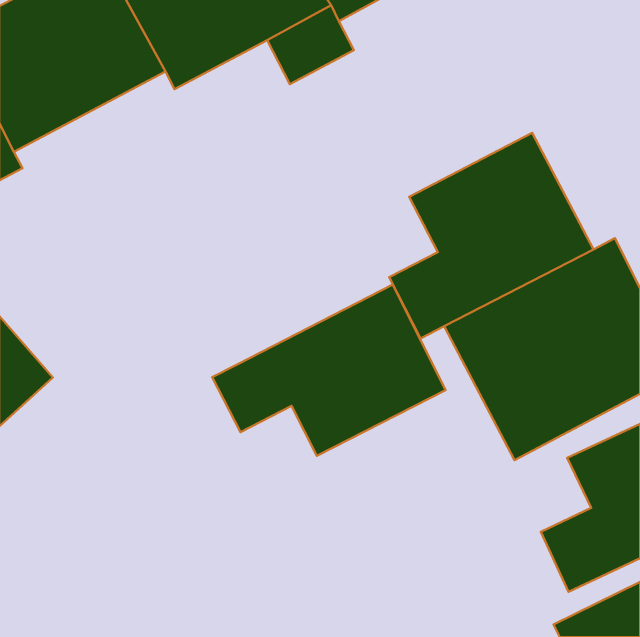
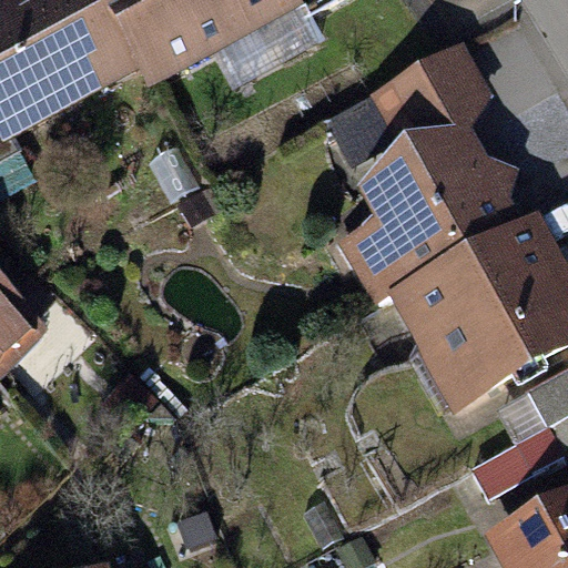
building: none -> [334,51,495,174]
building: [212,284,446,456] -> none

